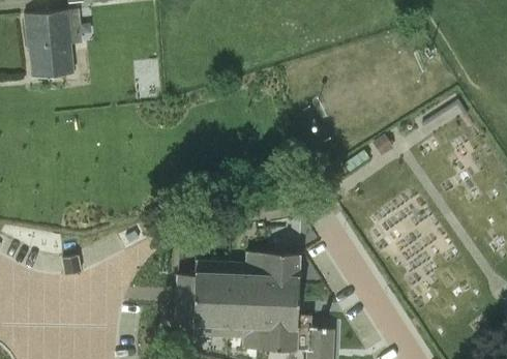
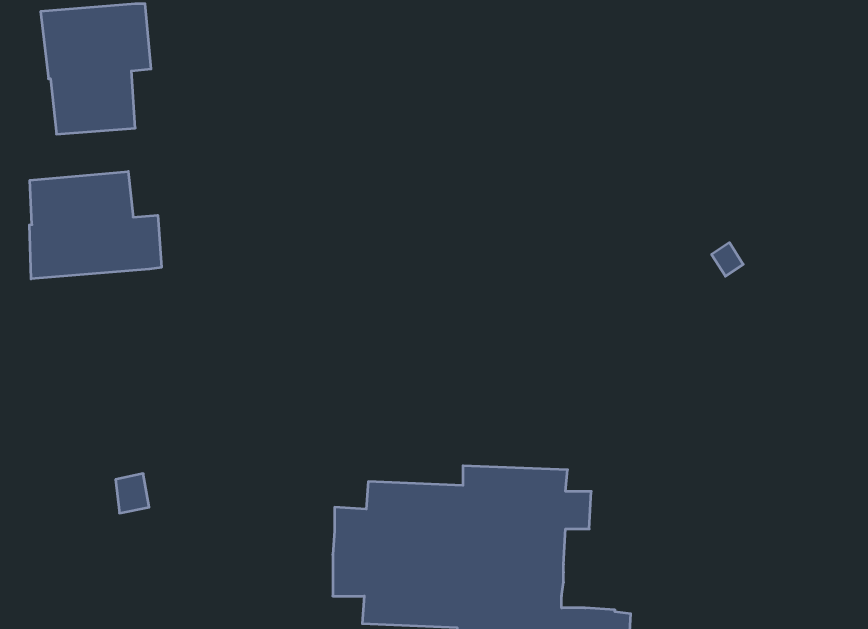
building: none -> [29,171,161,279]

